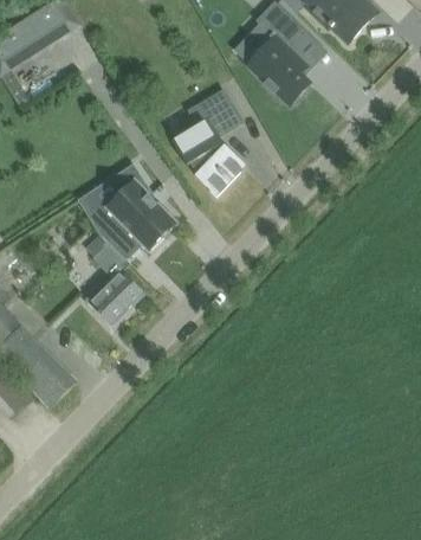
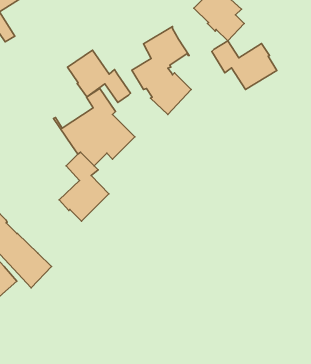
building: none -> [212,41,277,89]
building: none -> [68,50,130,102]

